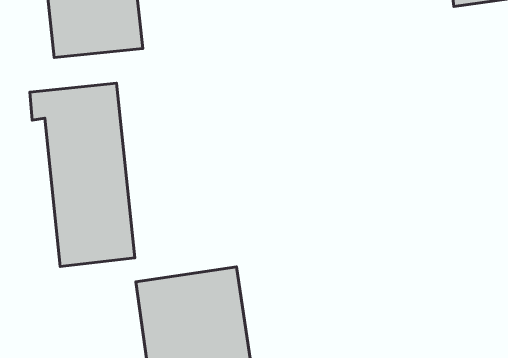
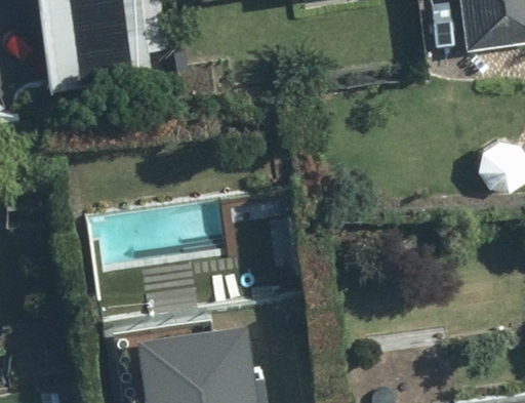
building: [30,83,135,266] -> none

